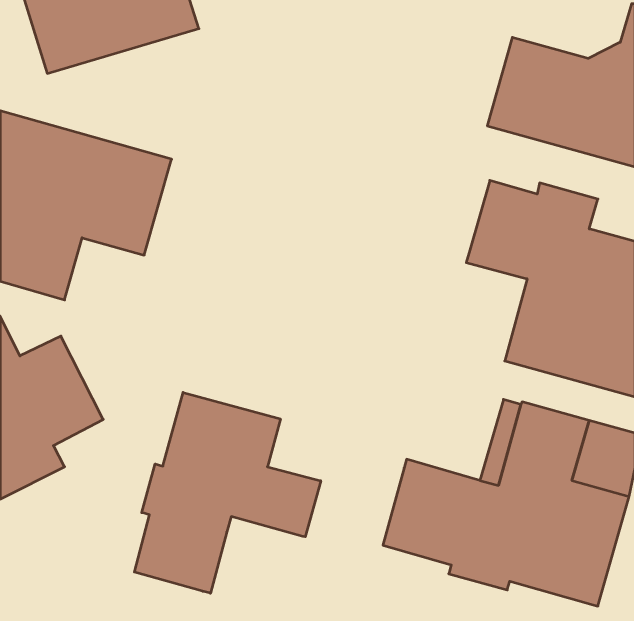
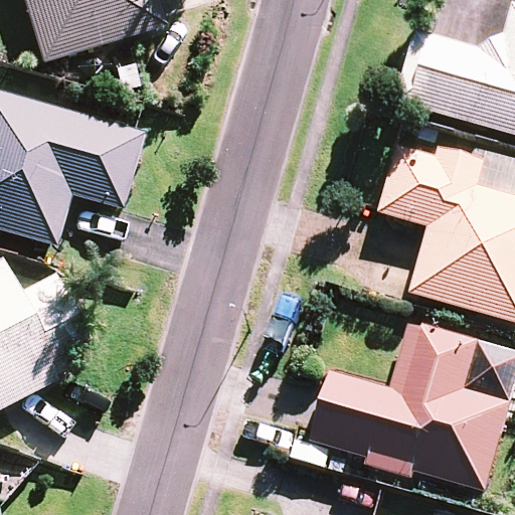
building: [134,392,321,593] -> none

